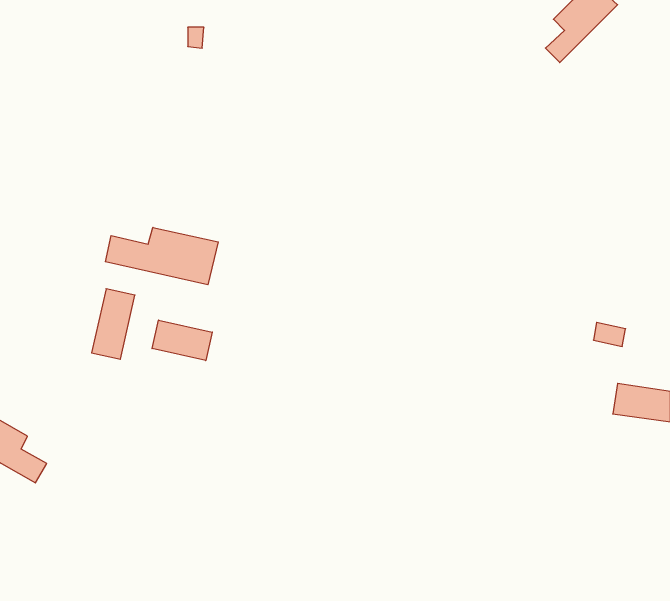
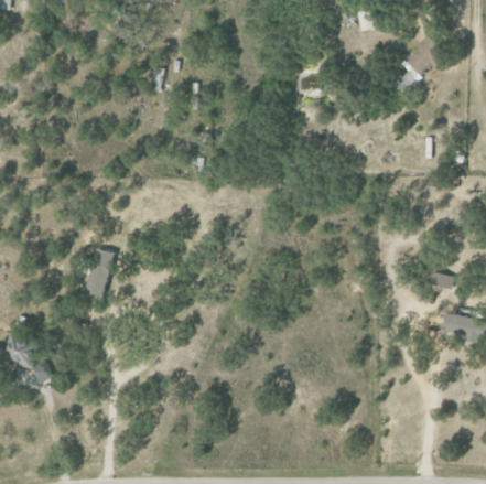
building: [105,227,218,285] -> none
building: [152,320,212,361] -> none

